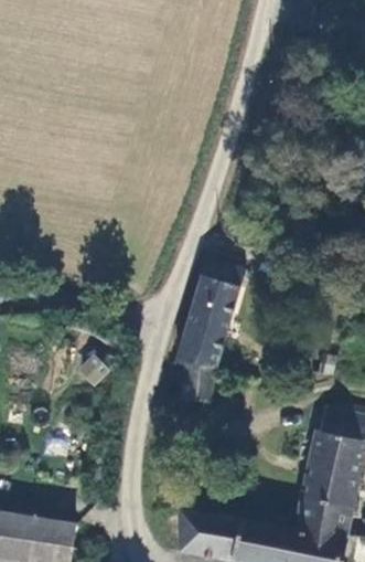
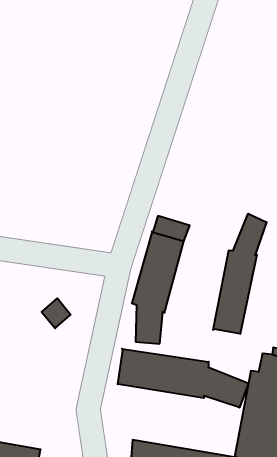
building: none -> [213,214,267,334]
building: none -> [118,349,248,408]

